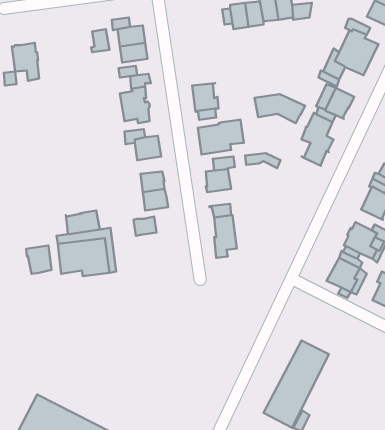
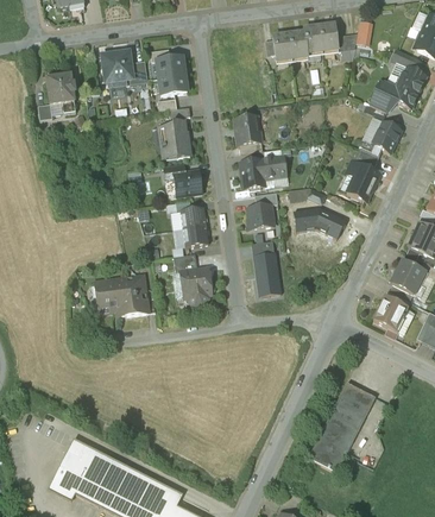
building: none -> [101,52,132,86]
building: [255,94,305,123] -> [292,209,345,239]
building: [66,211,100,234] -> none
building: none -> [179,269,214,305]
building: [26,245,51,274] -> none

